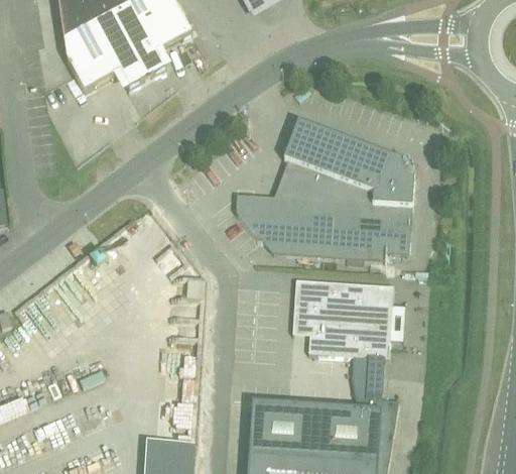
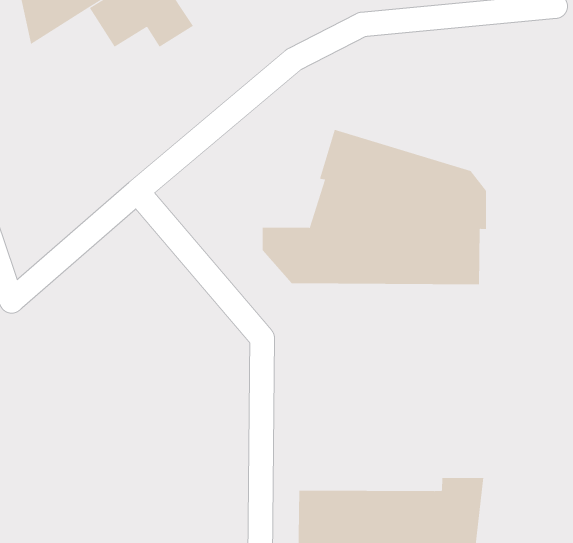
building: [63,14,165,93] -> none
building: [295,280,405,400] -> none

